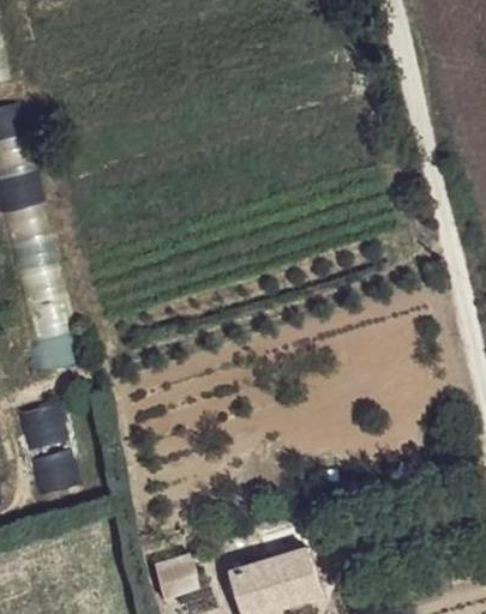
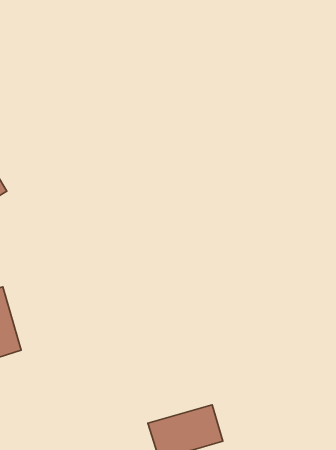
building: [154,554,200,598] -> none

